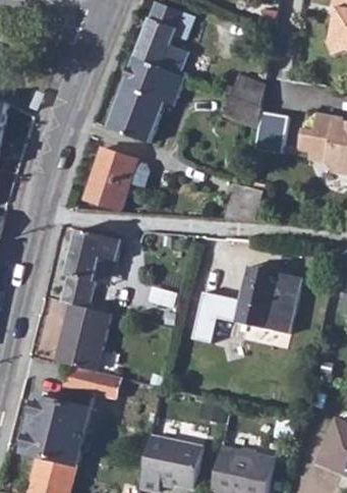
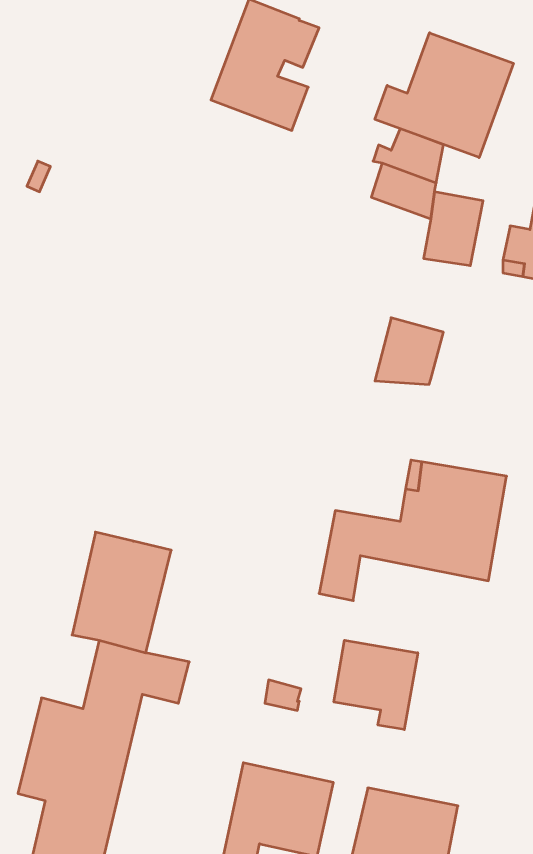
building: none -> [375,33,513,158]
building: [107,59,183,143] -> none
building: [82,148,137,213] -> none
building: [58,229,121,309] -> none
building: none -> [334,640,418,730]

